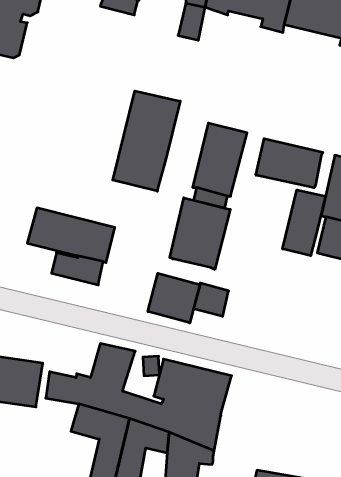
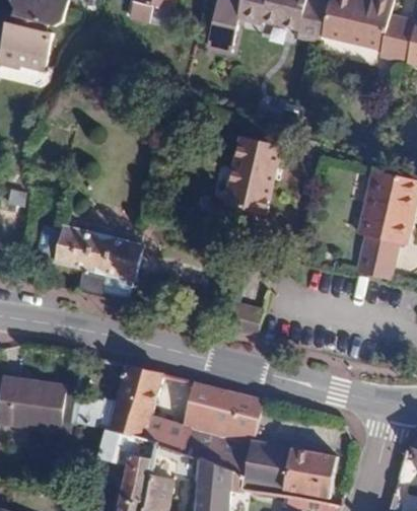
building: [113,91,180,191] -> none
building: [256,139,323,188] -> none
building: [283,190,325,256] -> none
building: [170,198,230,269] -> none
building: [148,273,200,323] -> none
building: none -> [246,441,338,500]

